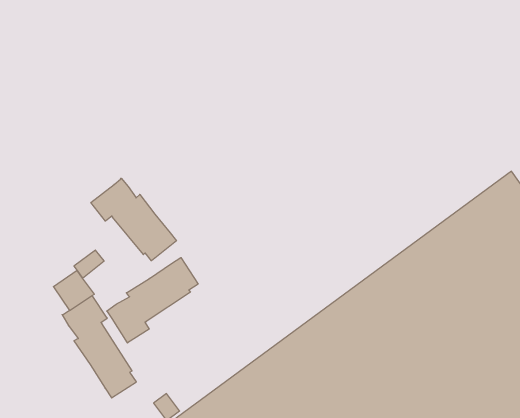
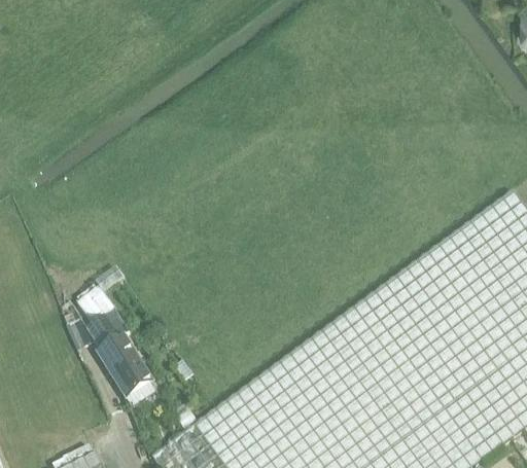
building: [91,178,176,261] -> none
building: [107,258,198,343] -> none

